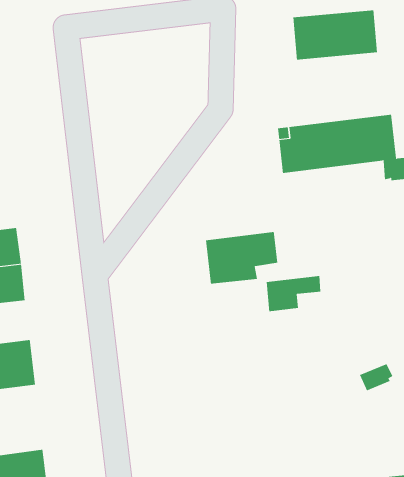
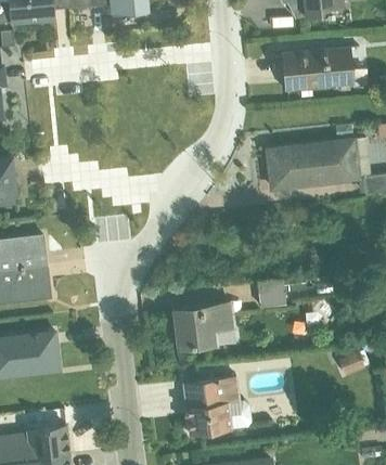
building: [205,231,278,284] -> [173,301,236,347]
building: none -> [183,375,252,434]

